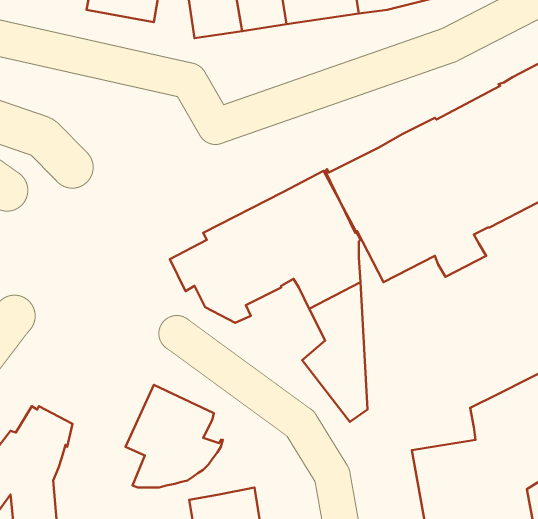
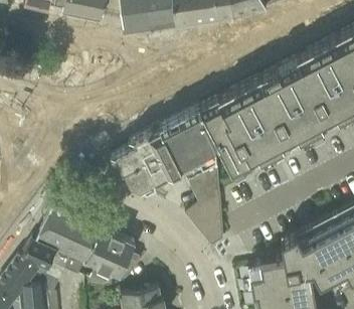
building: none -> [36,207,102,282]

